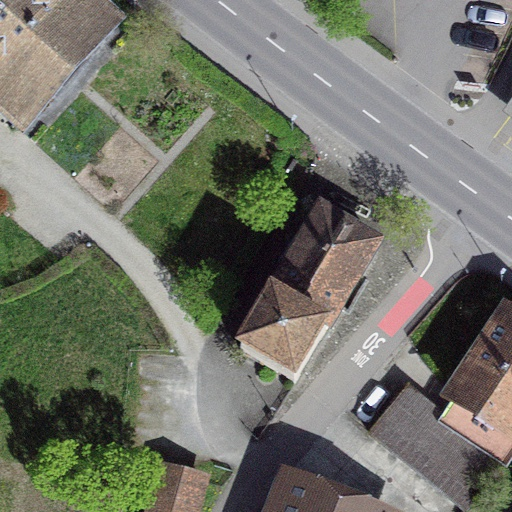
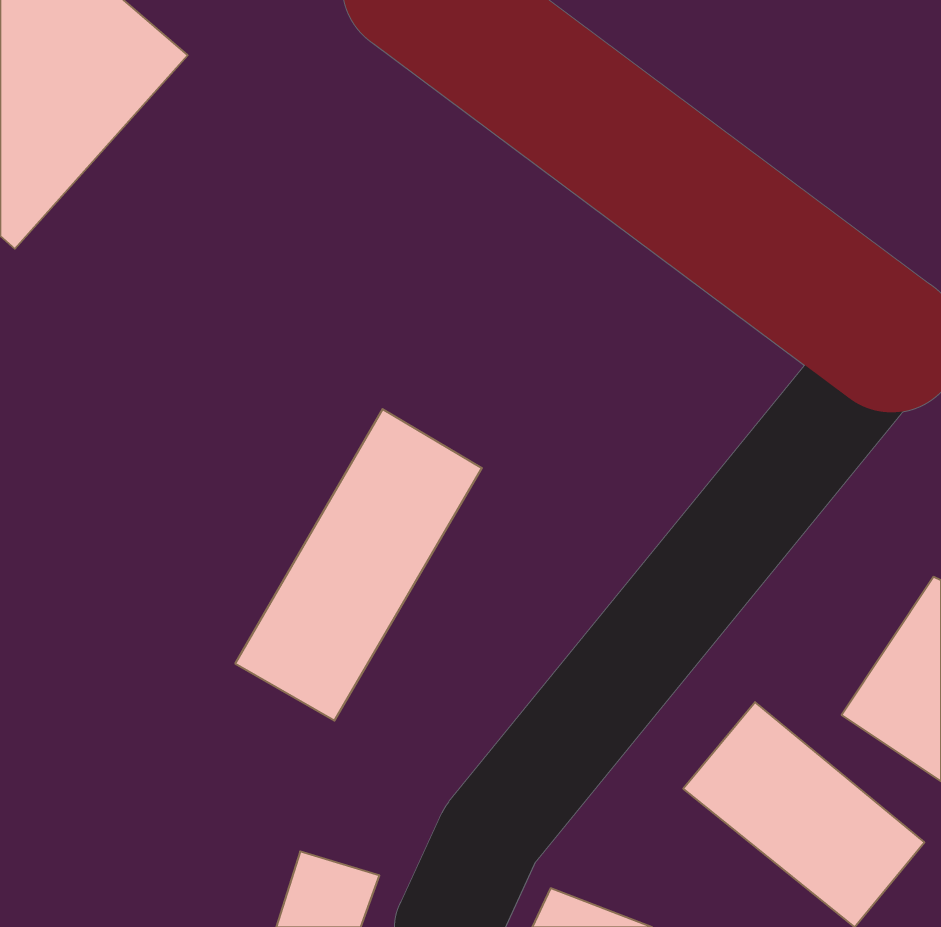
building: [241,206,375,375] -> [235,409,482,721]

